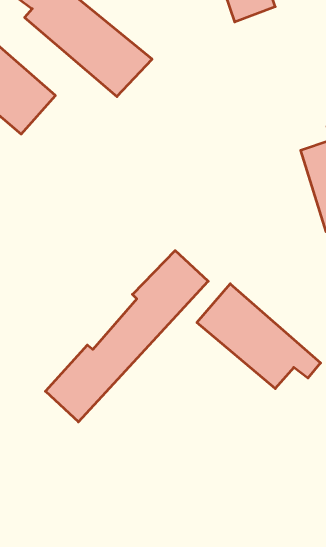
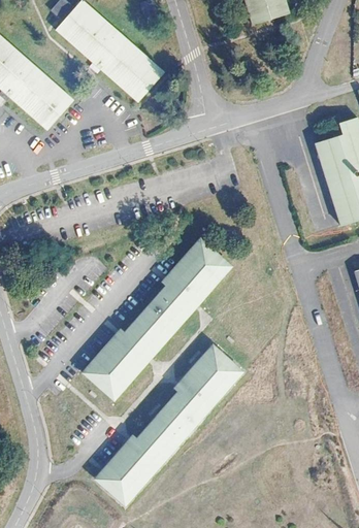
building: [197,284,321,389] -> none
building: none -> [93,346,242,509]

